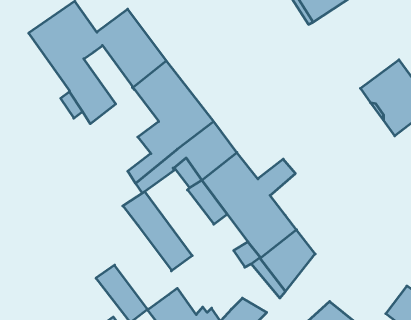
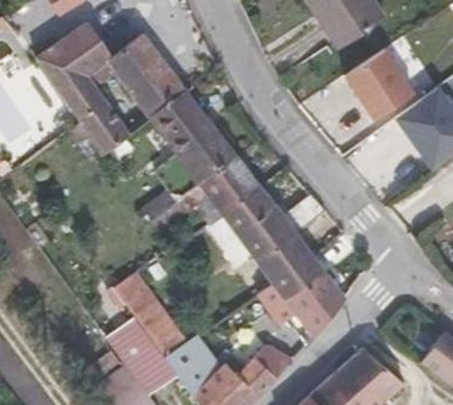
building: none -> [346,49,415,120]
building: [123,192,192,271] -> [112,272,187,357]

